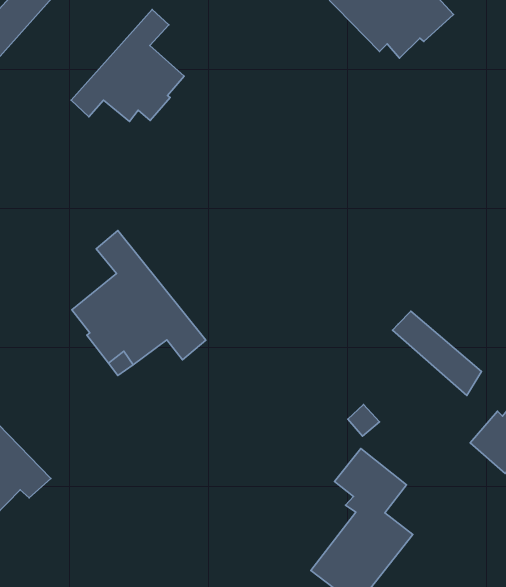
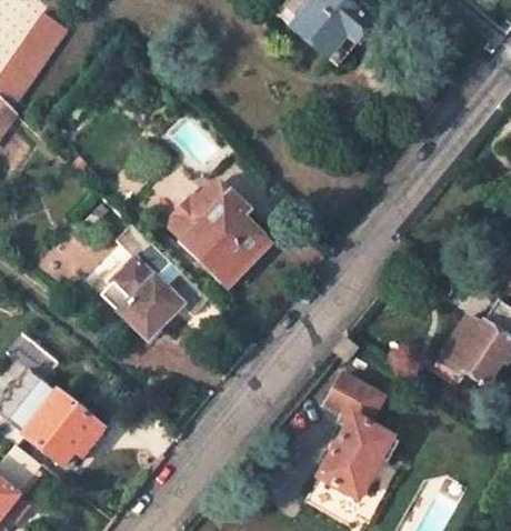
building: [71,9,184,122] -> none
building: none -> [170,182,264,275]
building: [393,311,482,396] -> none

